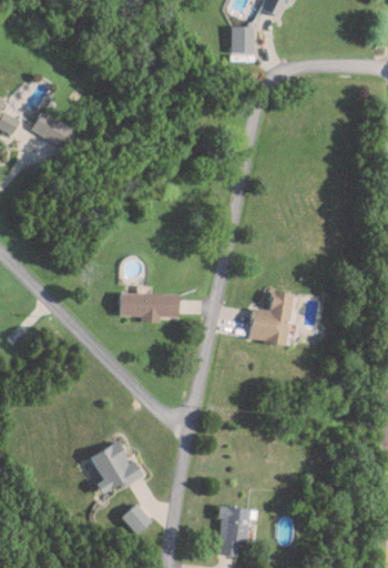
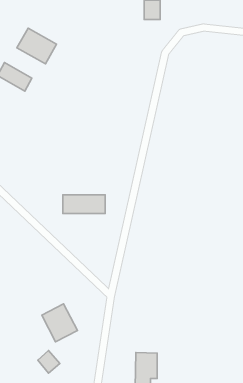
building: none -> [17,28,57,64]
building: [247,290,292,344] -> none
building: [122,504,152,535] -> [38,350,60,373]

